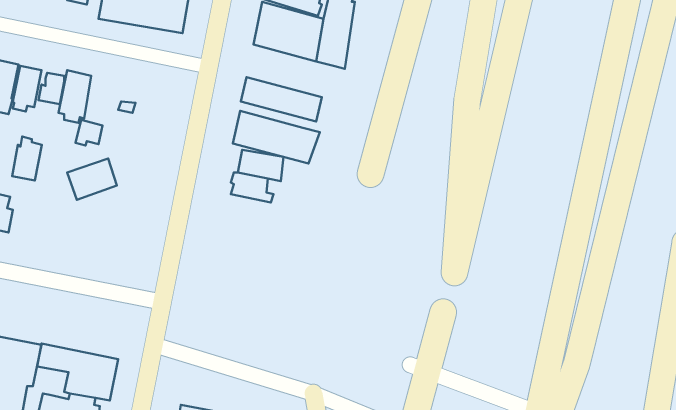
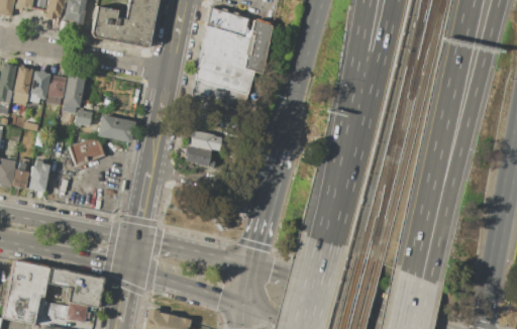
building: [233,111,320,164] -> [195,56,256,93]
building: none -> [98,114,135,143]
building: [12,136,42,181] -> [28,159,49,191]

